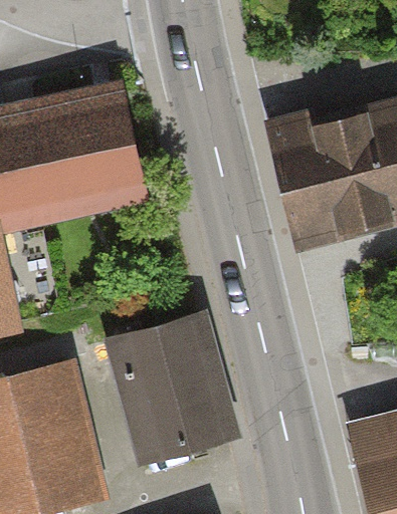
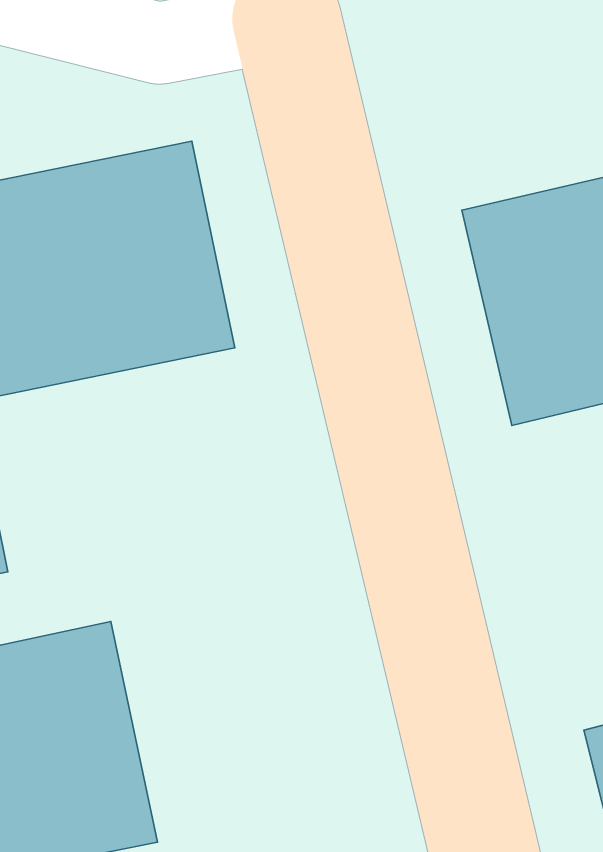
building: [103,312,241,464] -> none

